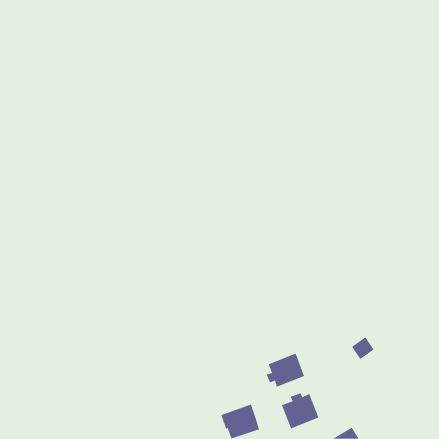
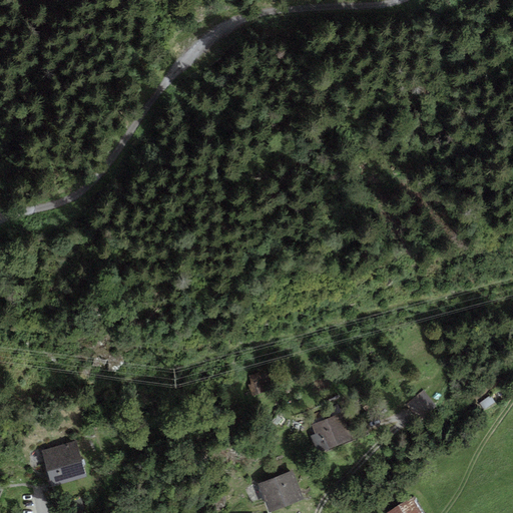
building: none -> [40,440,85,487]
building: [281,392,319,429] -> none

